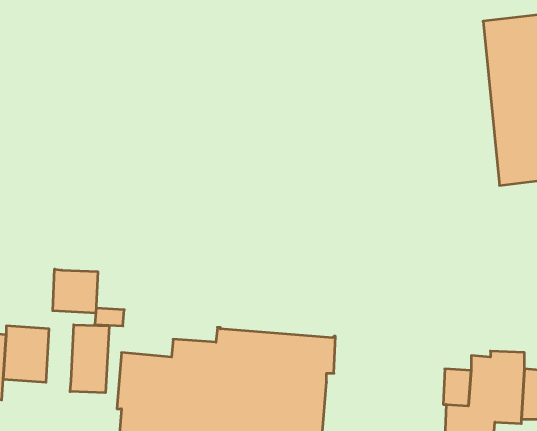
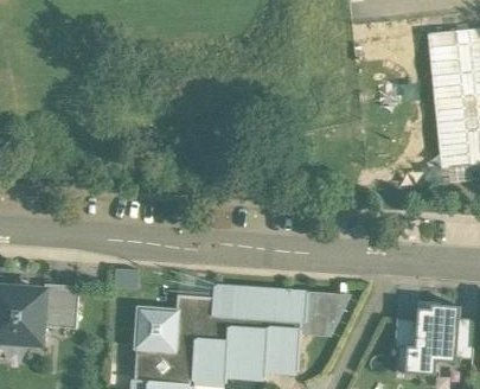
building: [53,269,98,313] -> none
building: [70,325,109,393] -> none
building: none -> [302,289,348,330]

